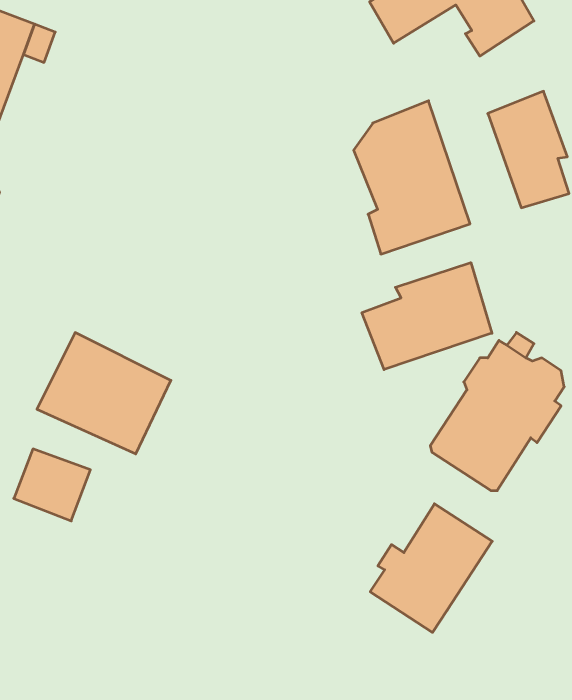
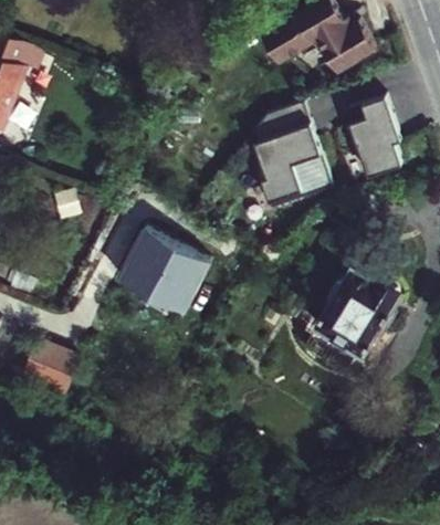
building: [362,263,492,370] -> none
building: [37,333,171,454] -> [118,228,211,312]
building: [370,504,492,632] -> none

